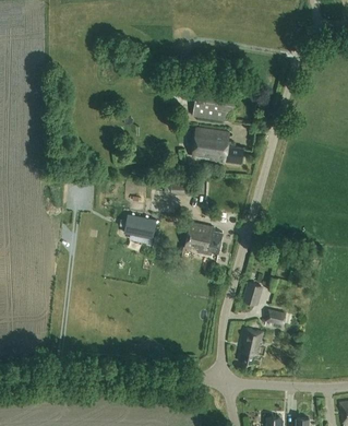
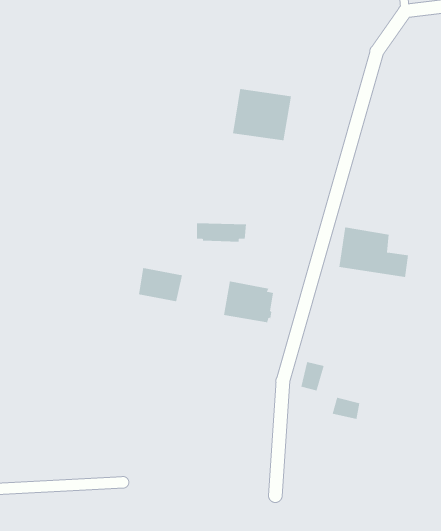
building: [192,128,243,165] -> [339,227,409,278]
building: [238,329,264,365] -> none

